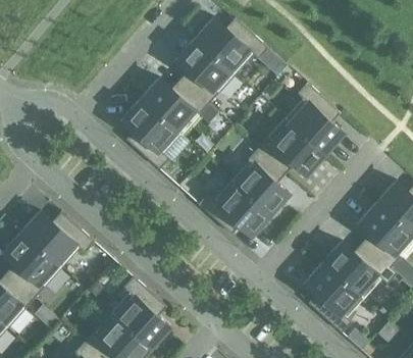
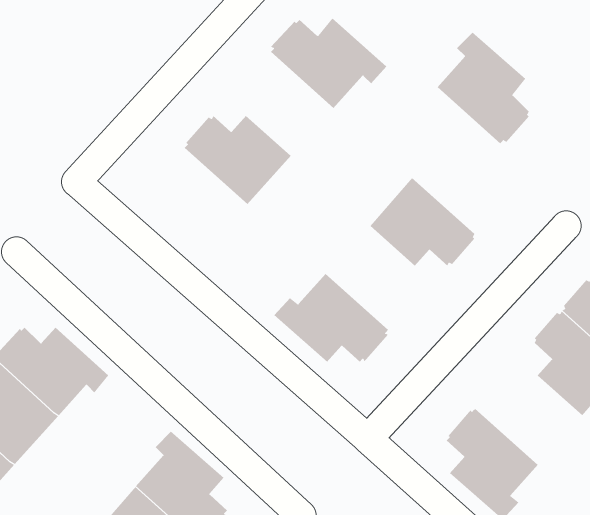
building: [175,43,233,108] -> none
building: [281,87,340,157] -> [437,32,529,144]
building: [121,103,178,173] -> none
building: [227,152,286,217] -> none
building: [321,246,389,302] -> none

